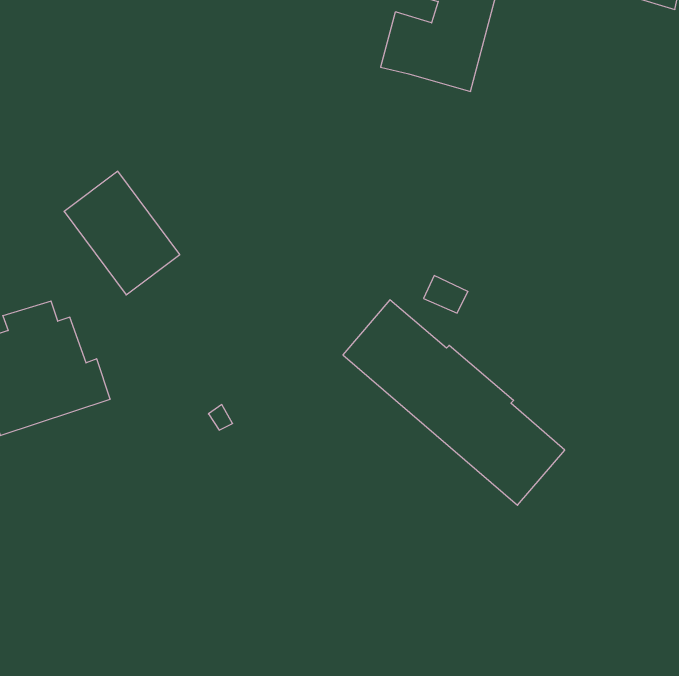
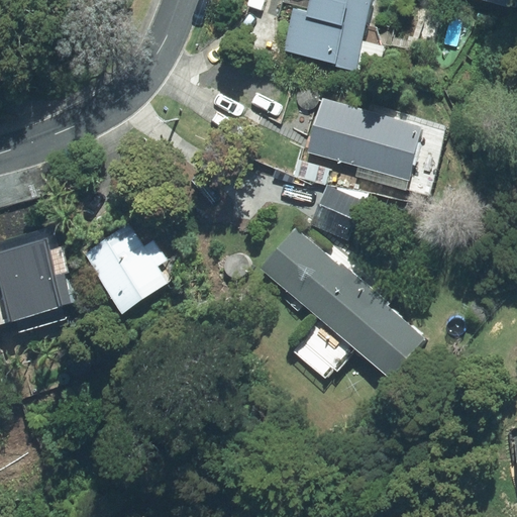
building: none -> [303,95,422,180]
building: [64,171,180,295] -> [89,219,176,312]

